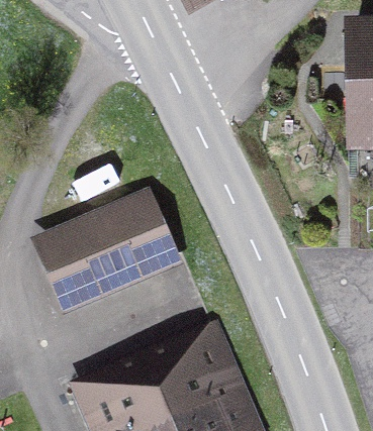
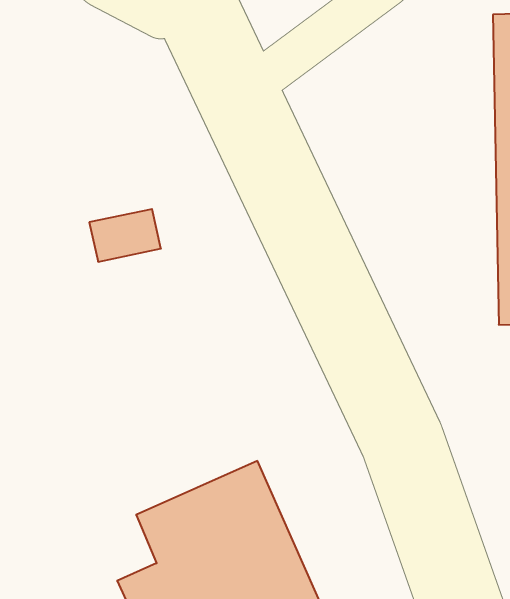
building: [56,194,177,291] -> none

